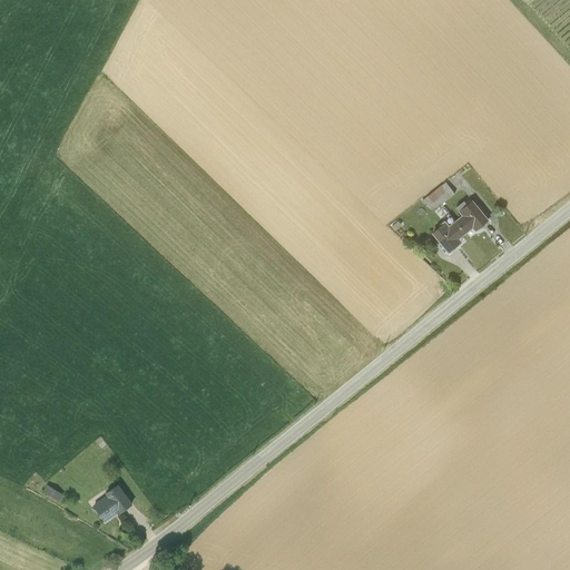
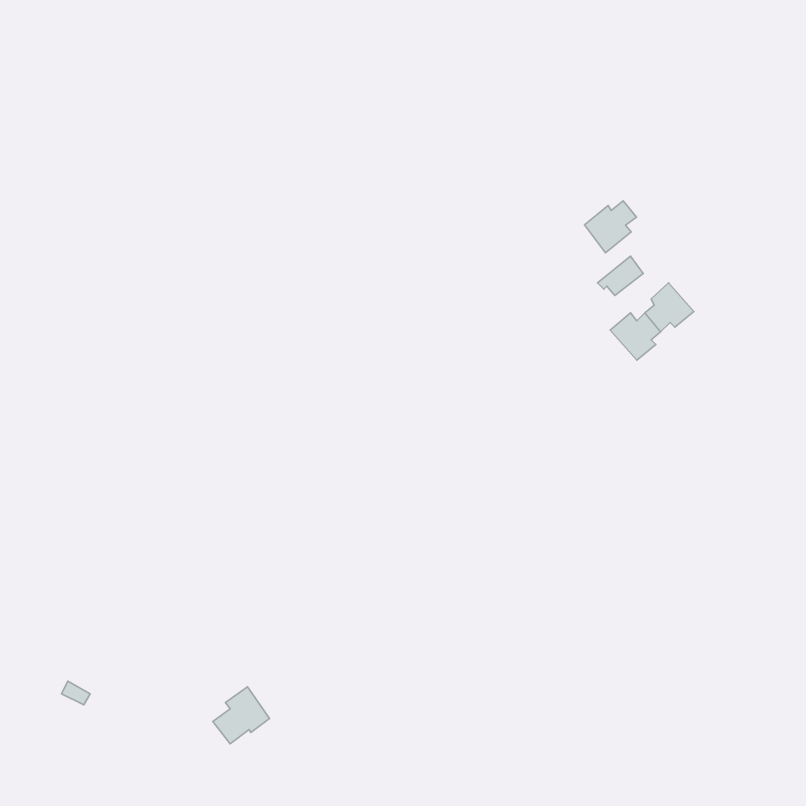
building: none -> [585,201,637,253]
building: [92,481,132,521] -> [213,687,270,744]

